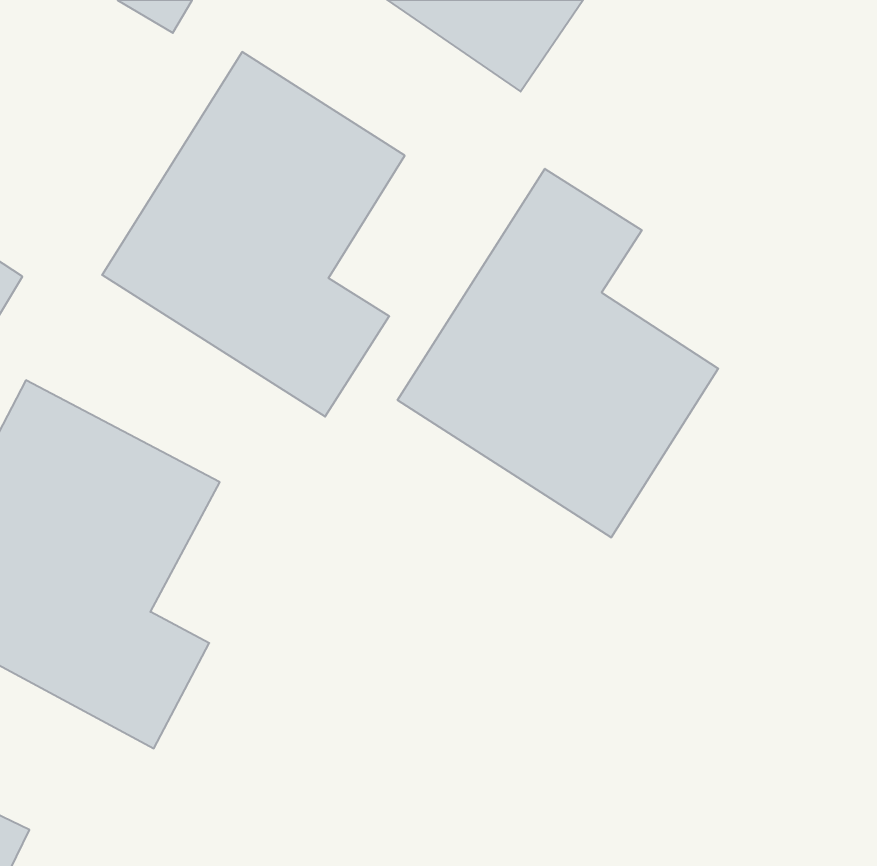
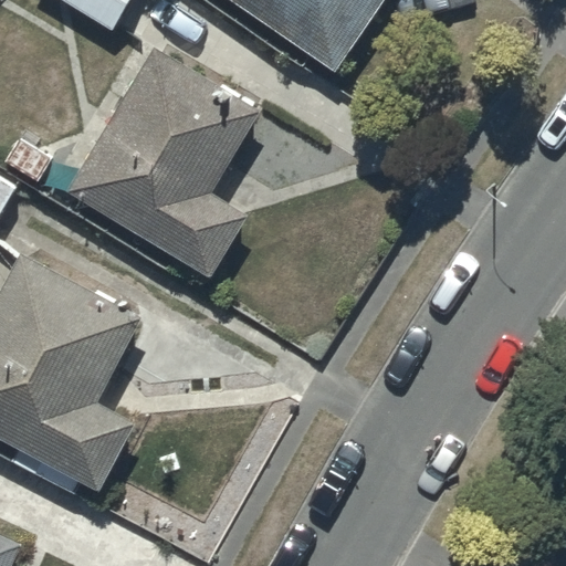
building: [398,169,718,538] -> none

